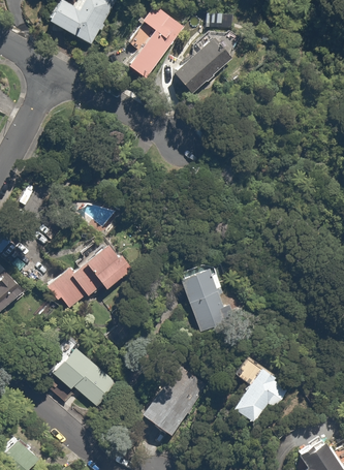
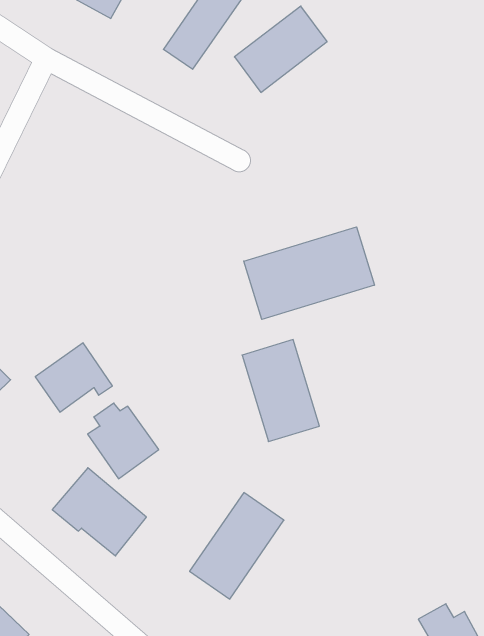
building: none -> [244,227,374,319]
building: [82,243,129,293] -> [88,403,159,479]
building: [232,353,291,420] -> none

